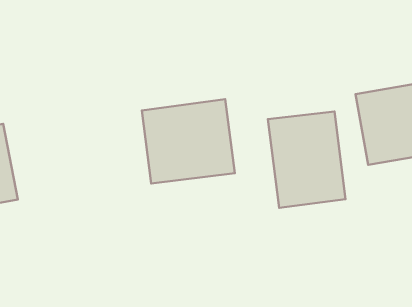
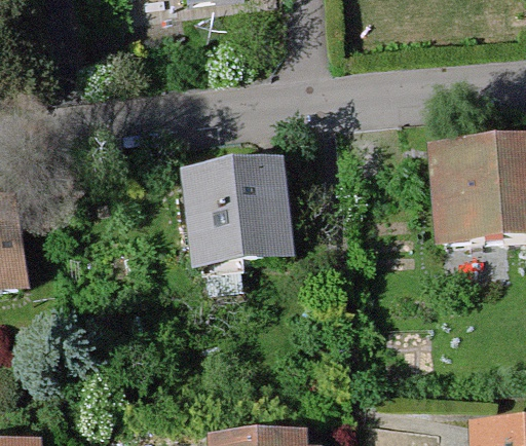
building: [268,111,345,208] -> none

